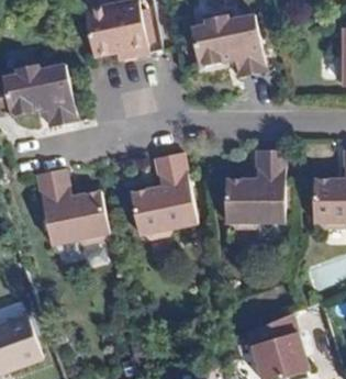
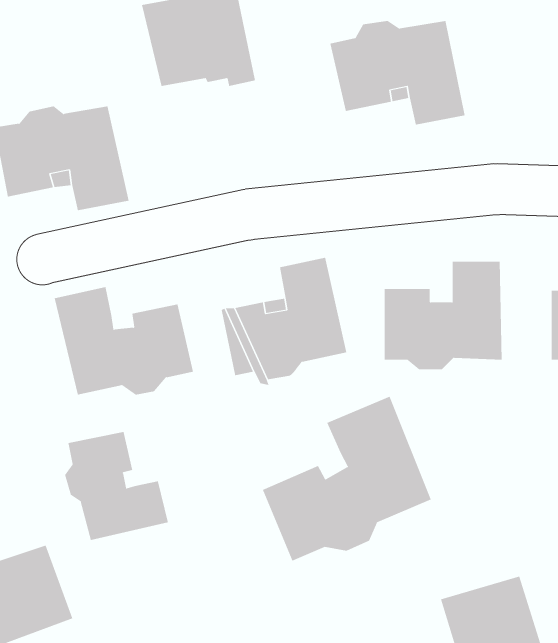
building: none -> [262,396,431,562]
building: none -> [65,431,168,541]

